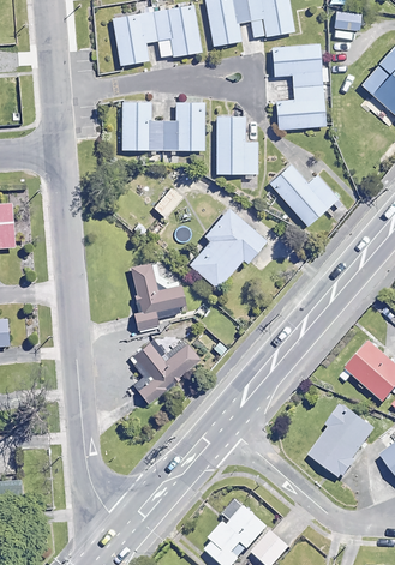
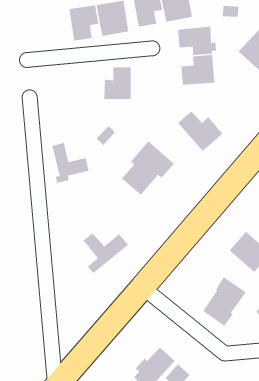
building: [122,102,164,150] -> none
building: [216,116,257,174] -> none
building: [131,264,186,324] -> [51,142,90,184]

